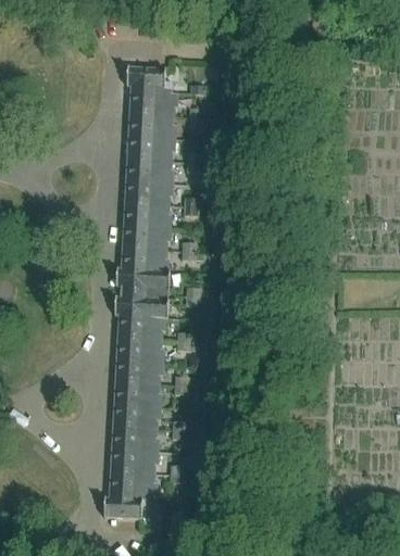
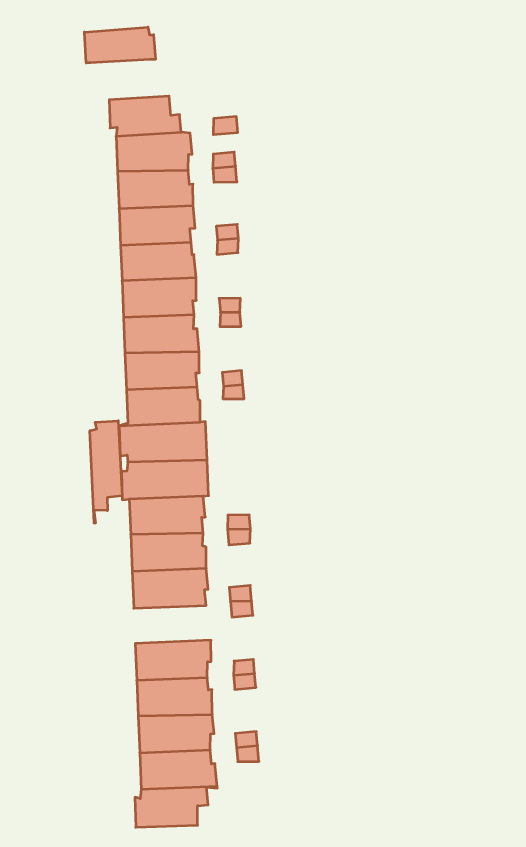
building: none -> [84,27,155,63]
building: none -> [90,421,122,523]
building: [114,381,161,405] -> none

